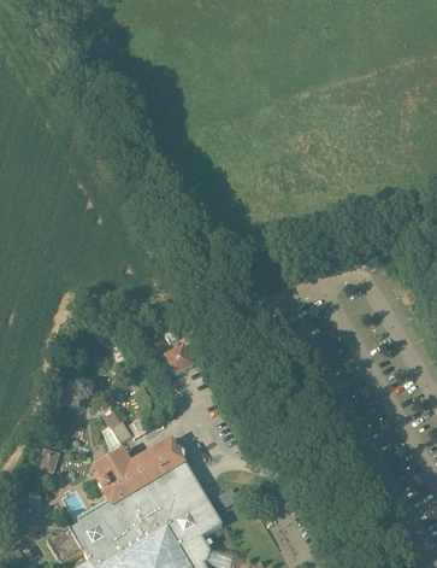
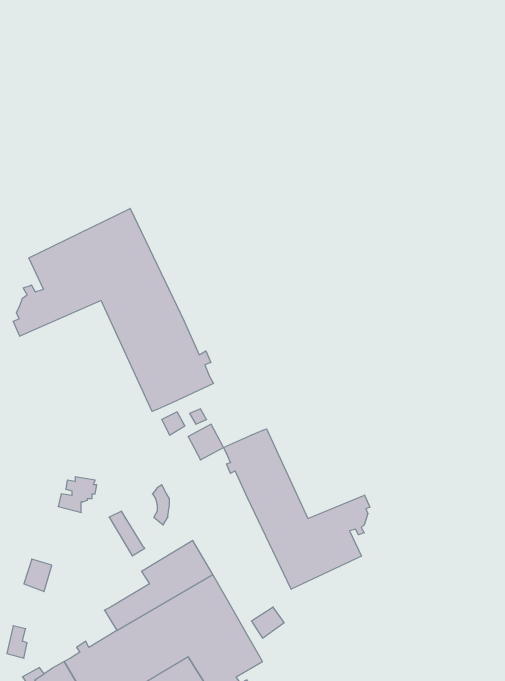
building: none -> [13,208,213,411]
building: none -> [224,429,370,589]
building: [94,447,136,487] -> none

